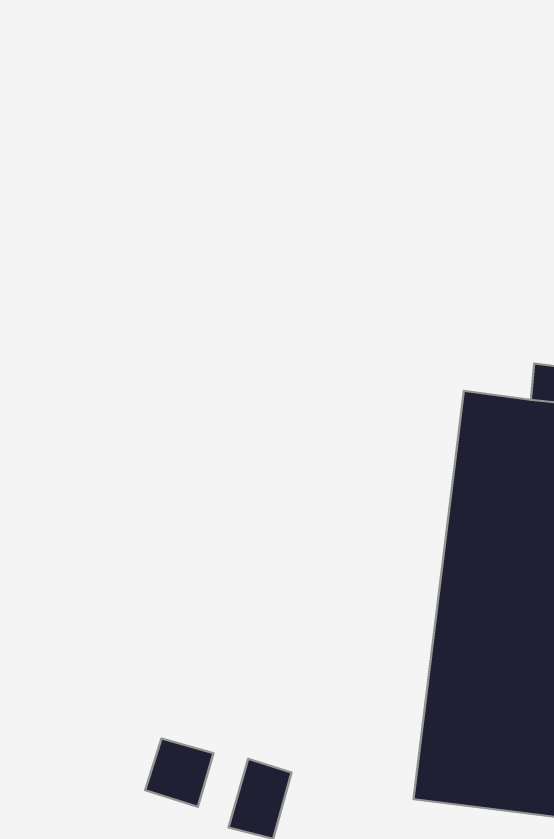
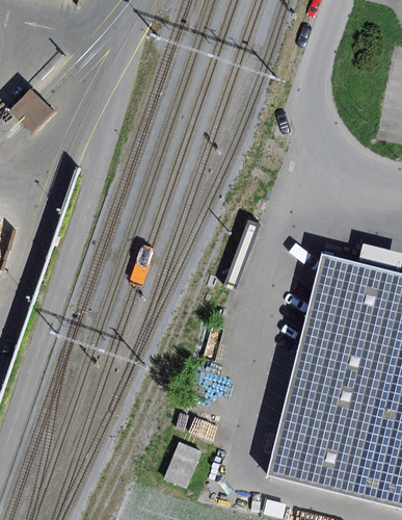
building: [145,739,214,807] -> none

